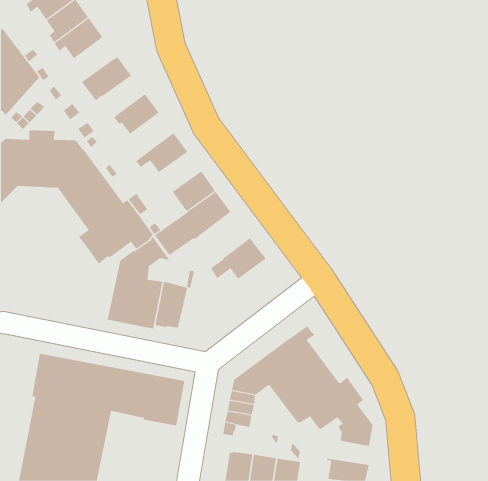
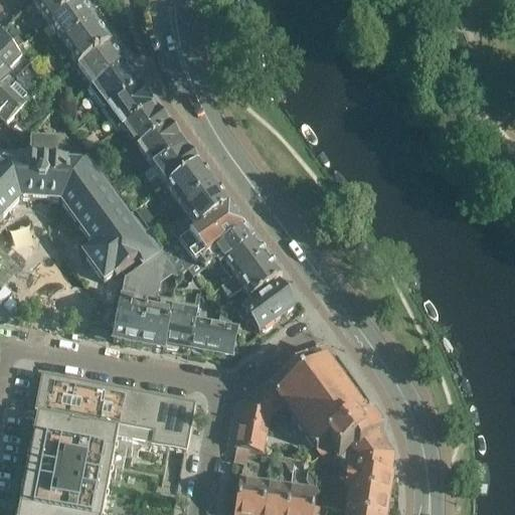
building: none -> [77,39,124,81]
building: none -> [101,79,153,134]
building: none -> [137,119,183,163]
building: none -> [167,160,212,202]
building: none -> [199,223,264,273]
building: none -> [236,281,295,329]
building: none -> [188,314,235,354]
building: none -> [344,464,391,490]

